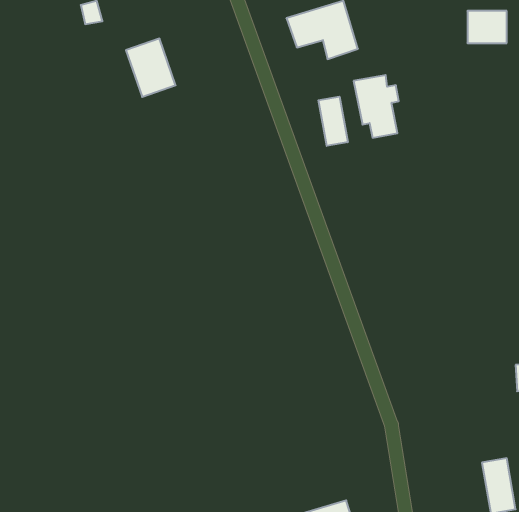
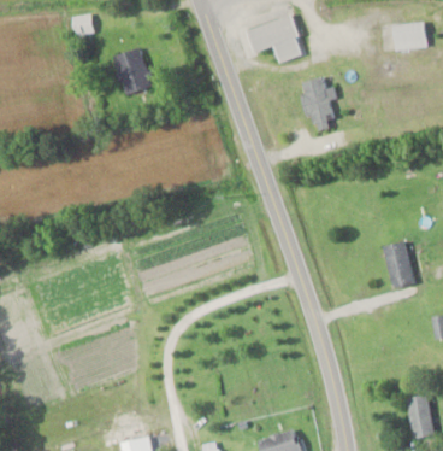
building: [318,97,348,146] -> none
building: none -> [384,240,414,287]

